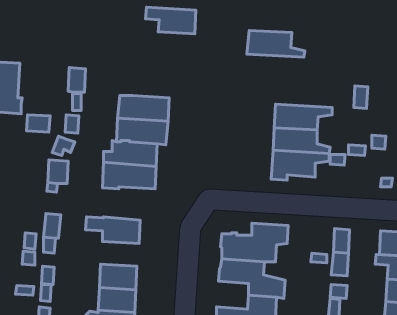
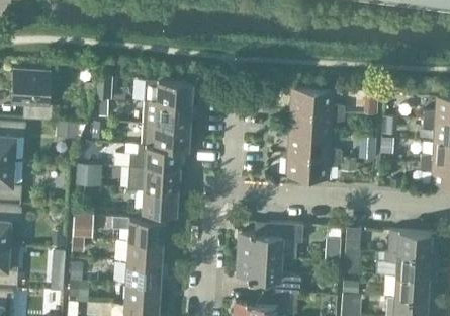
building: [145,7,196,34] -> [144,78,191,103]
building: [247,30,305,57] -> [290,87,345,112]
building: none -> [141,187,177,213]
building: none -> [125,239,162,262]

